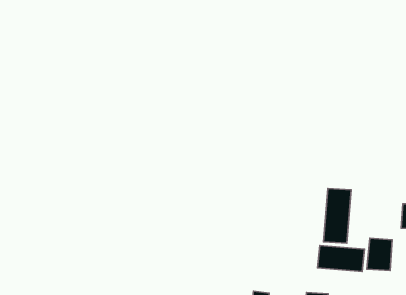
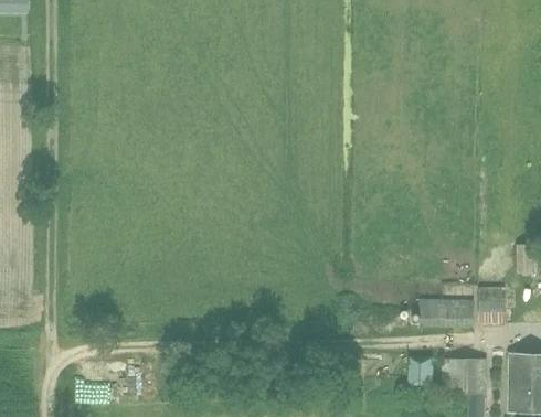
building: [323,189,351,243] -> none

